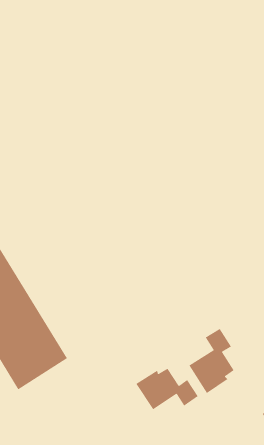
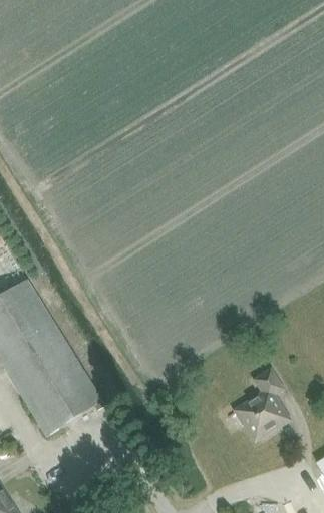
building: [136,368,198,410] -> none

